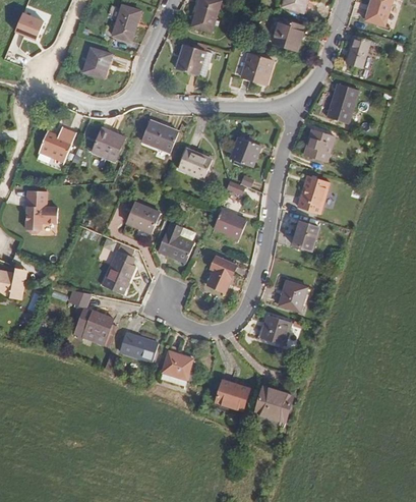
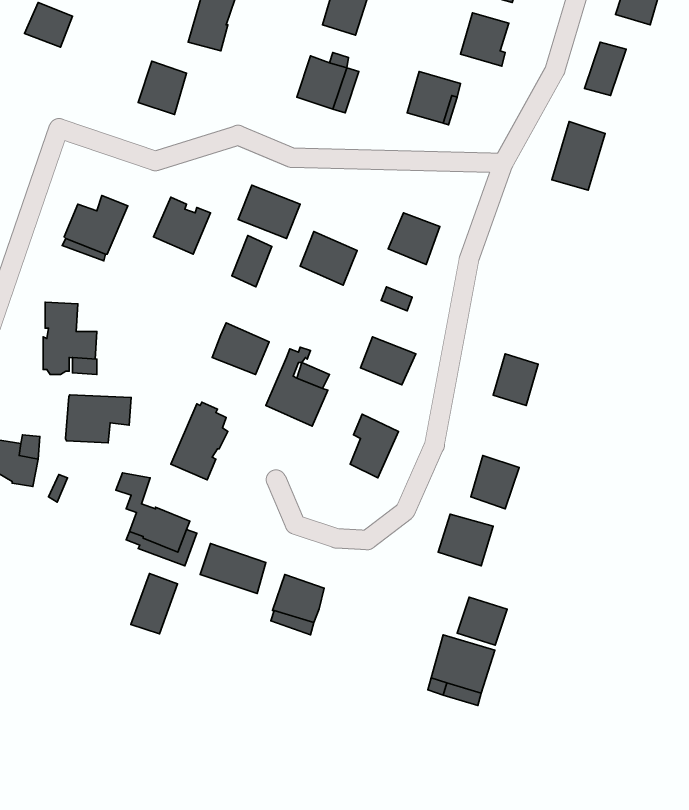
building: [304,128,334,162] -> none
building: none -> [232,235,272,287]
building: [299,175,330,214] -> none
building: none -> [65,395,131,443]
building: none -> [131,573,177,634]
building: [216,380,245,408] -> [457,597,507,645]

